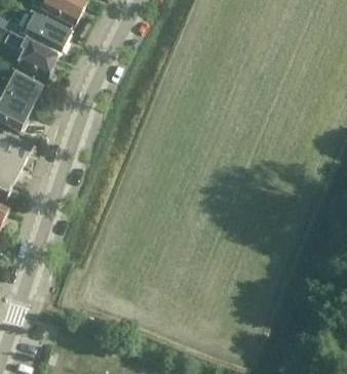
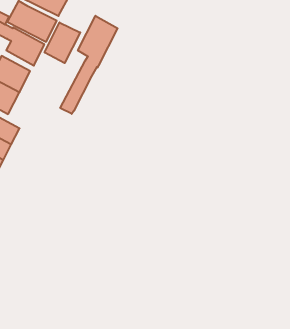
building: none -> [60,16,118,114]
building: none -> [45,22,80,63]

